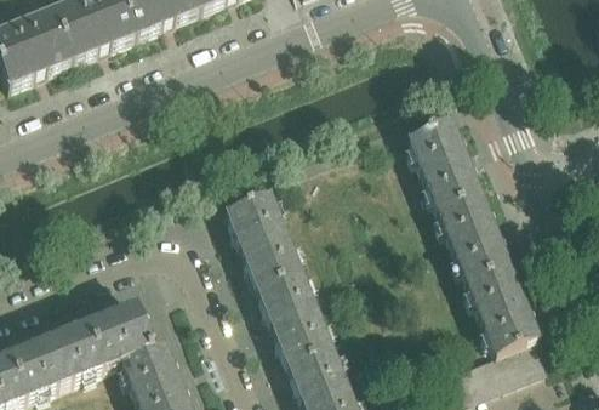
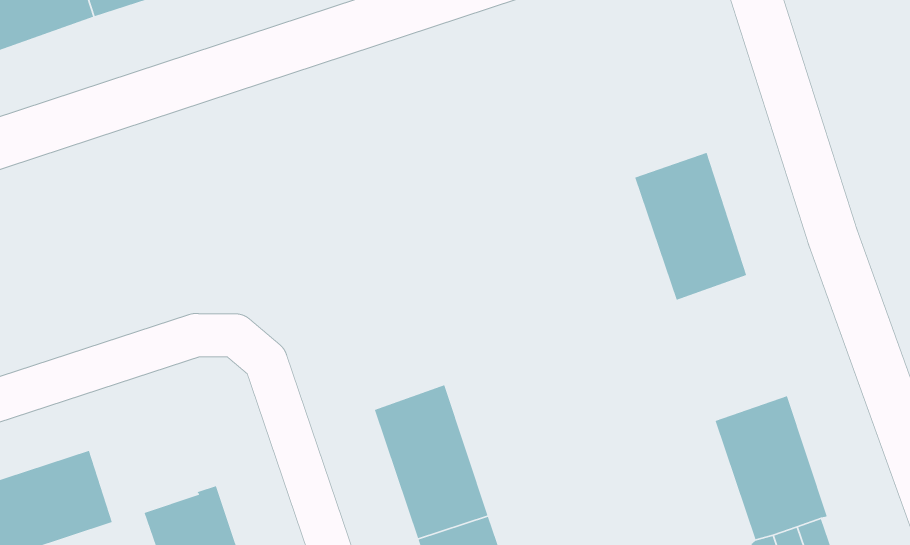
building: [224,189,298,285] -> none
building: [437,189,508,279] -> none
building: [84,300,152,364] -> none

